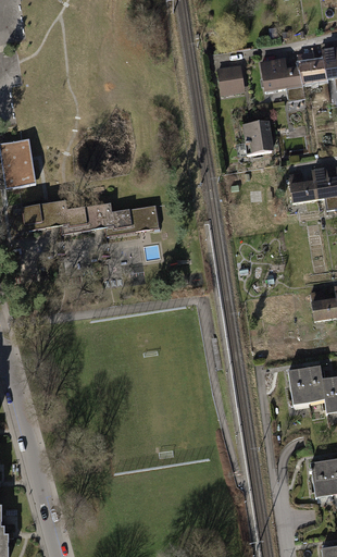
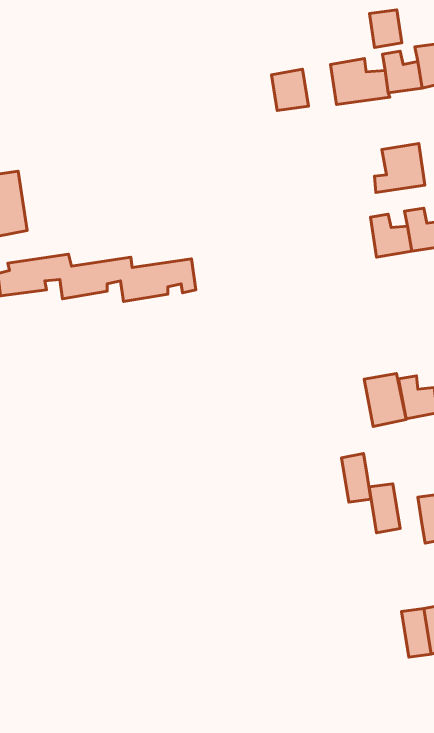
building: none -> [369,10,402,47]
building: [236,120,273,156] -> [374,144,425,193]
building: none -> [364,374,406,426]
building: [304,366,326,401] -> [341,453,371,502]

